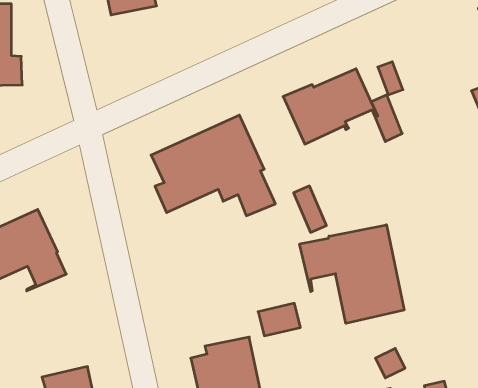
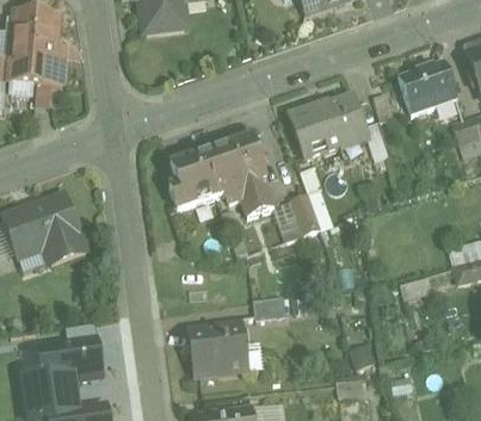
building: none -> [399,58,456,113]
building: [300,225,404,323] -> none

